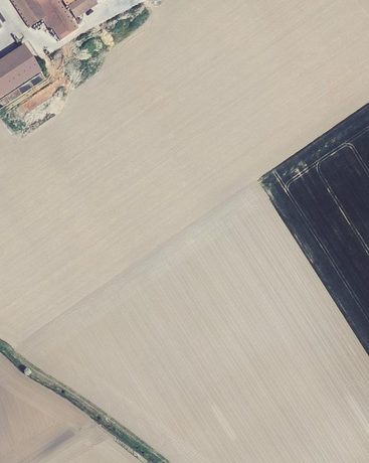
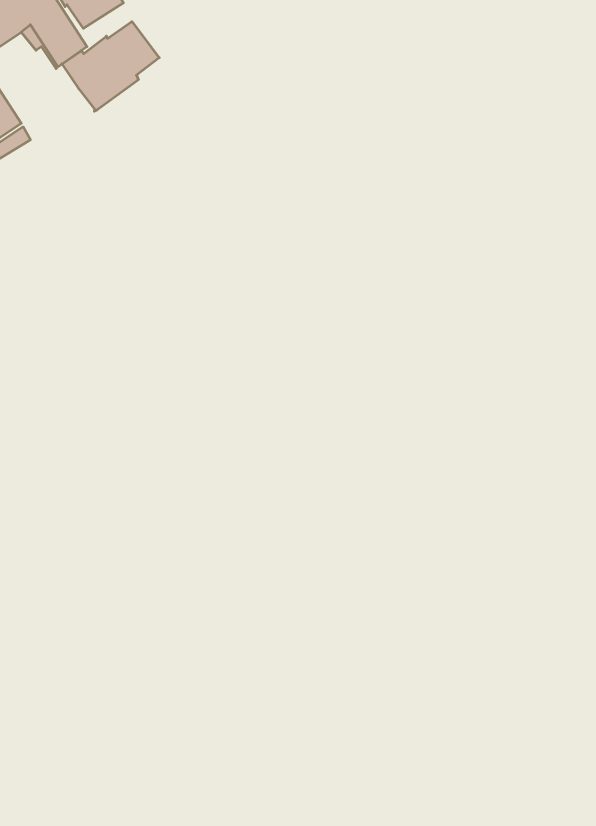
building: none -> [62,22,159,111]

